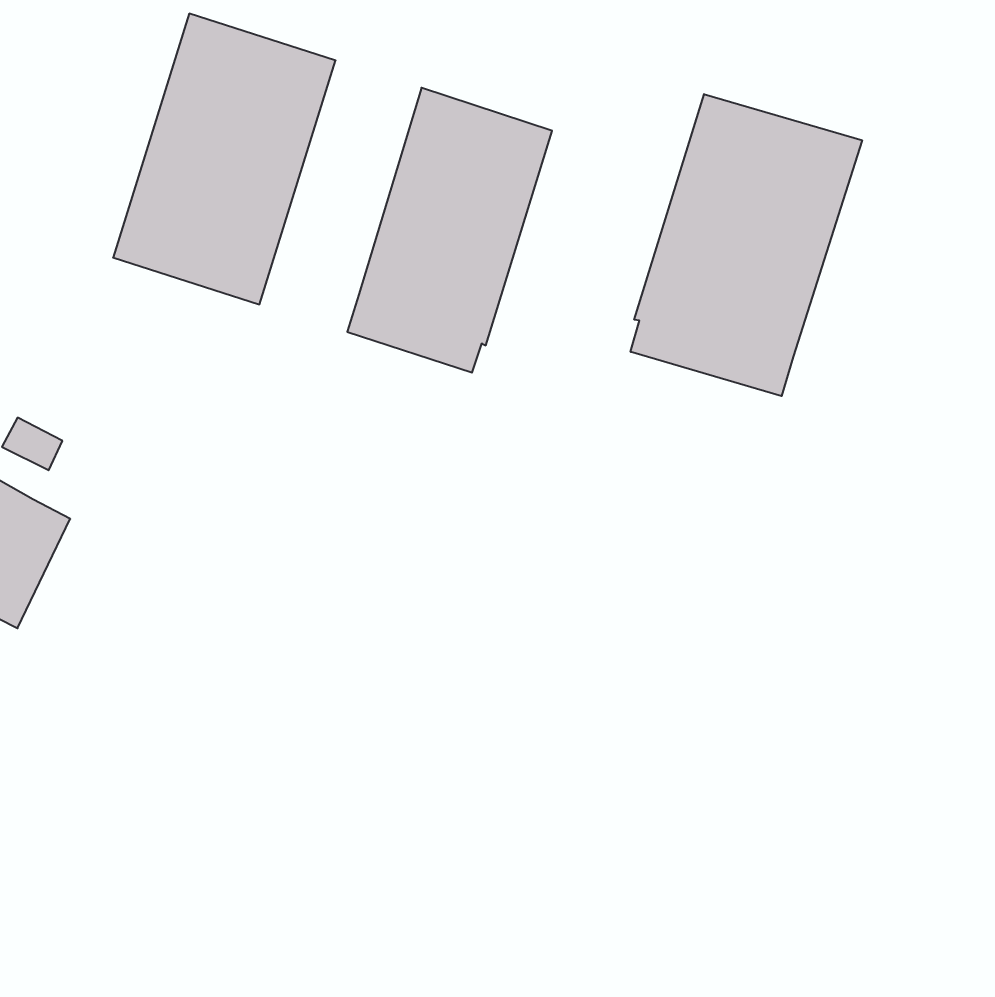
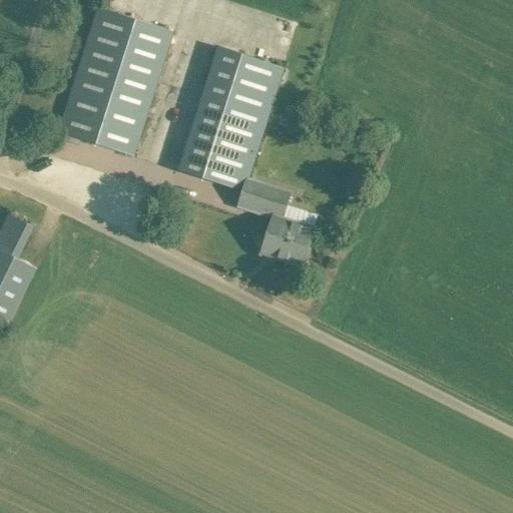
building: [631,94,862,396] -> none
building: none -> [238,176,315,266]

